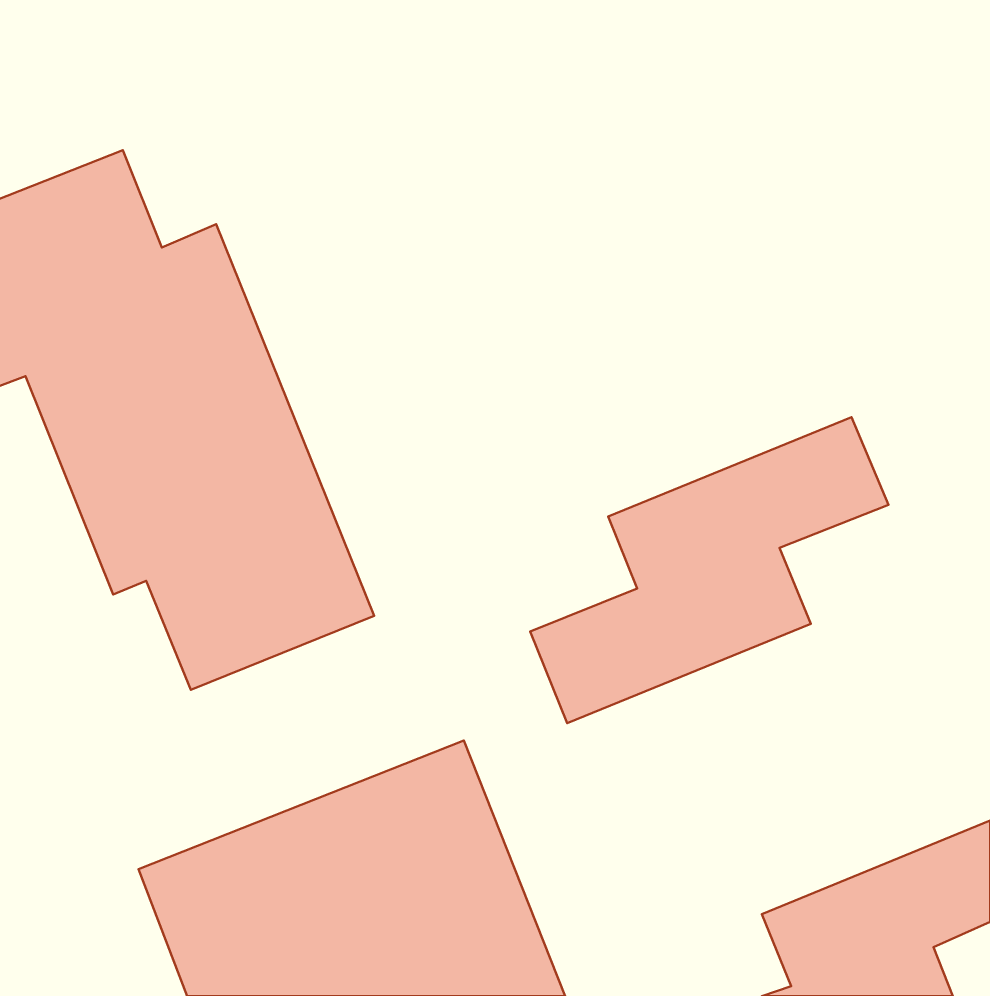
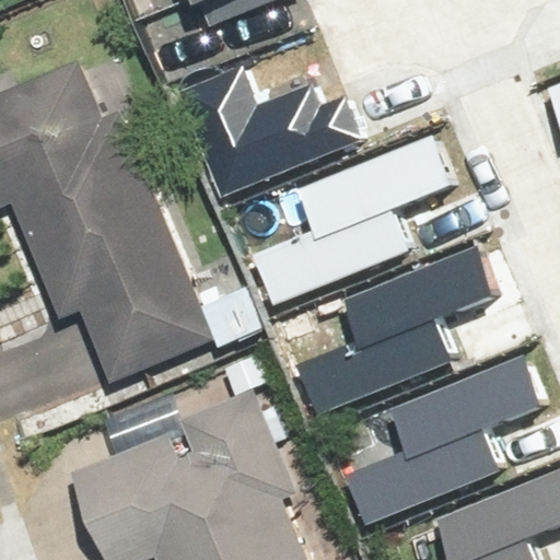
building: none -> [214,72,362,172]
building: none -> [257,133,458,305]
building: none -> [343,355,545,527]

